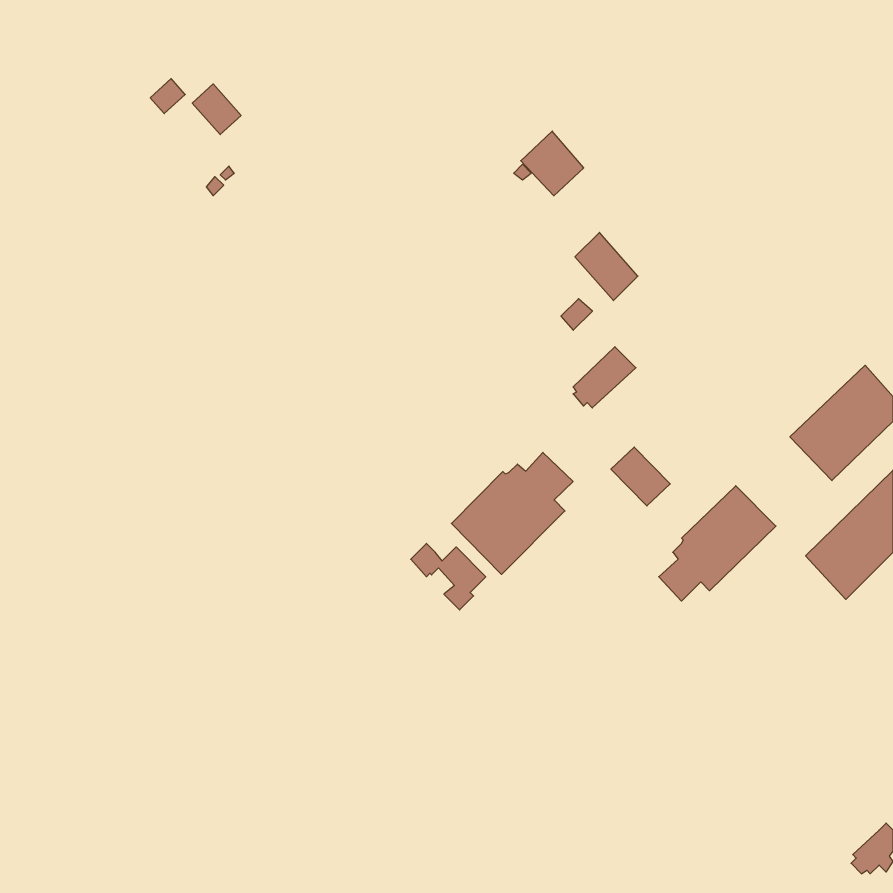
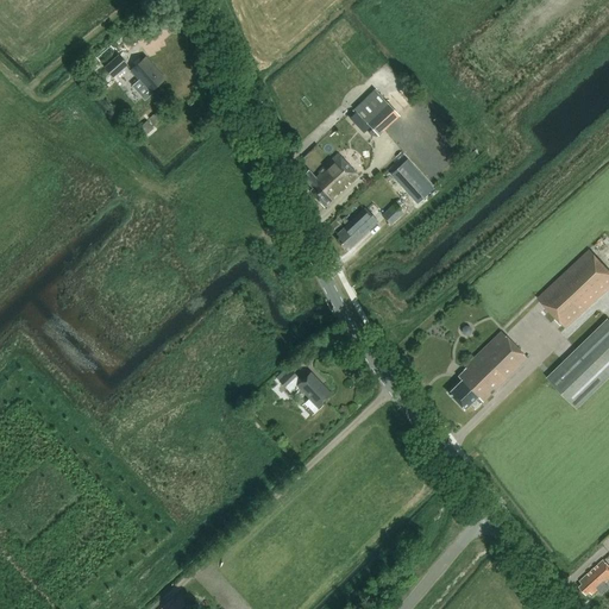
building: none -> [302,153,358,207]
building: [573,347,636,408] -> [337,207,379,249]
building: [611,447,670,506] -> none
building: [451,452,573,574] -> none

